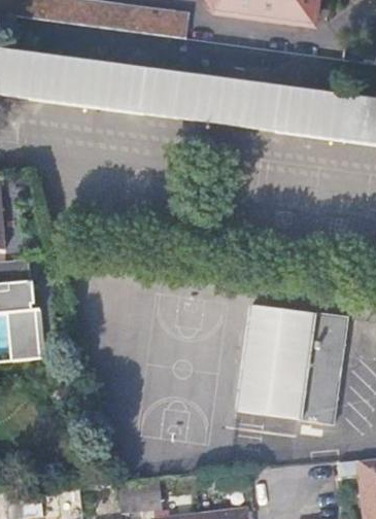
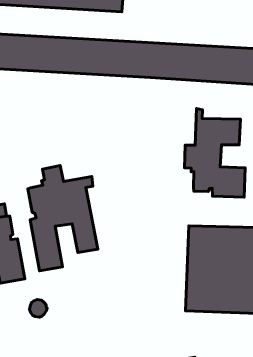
building: none -> [185,108,245,197]
building: none -> [28,166,98,271]

